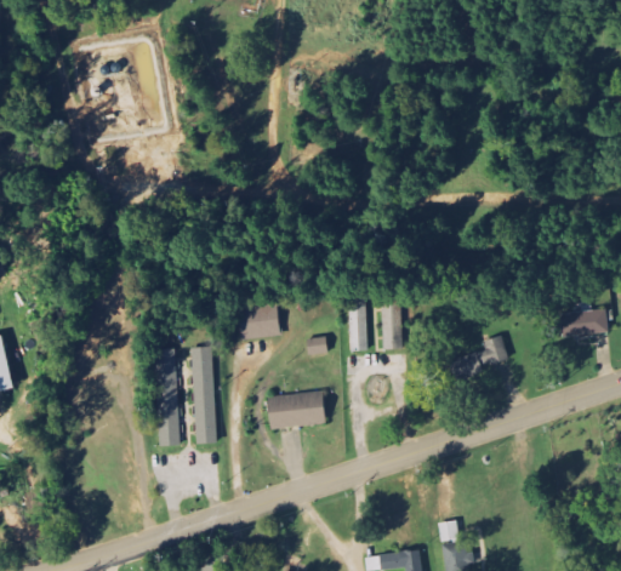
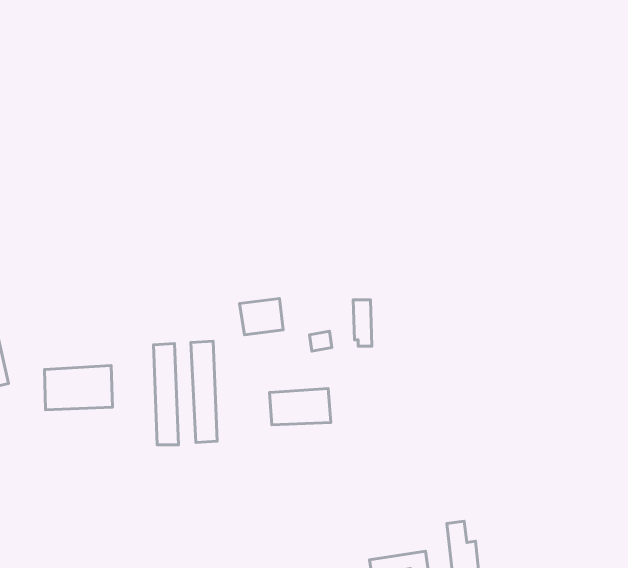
building: [381,306,401,348] -> none
building: [562,309,606,335] -> none
building: [450,335,507,378] -> none
building: none -> [45,366,112,410]

